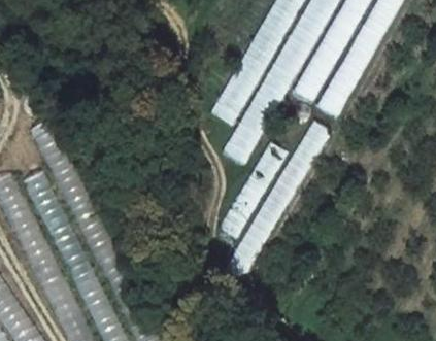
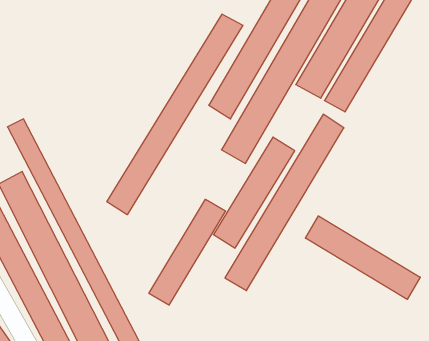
building: none -> [107,14,243,215]
building: none -> [149,199,226,305]
building: none -> [305,216,420,299]

